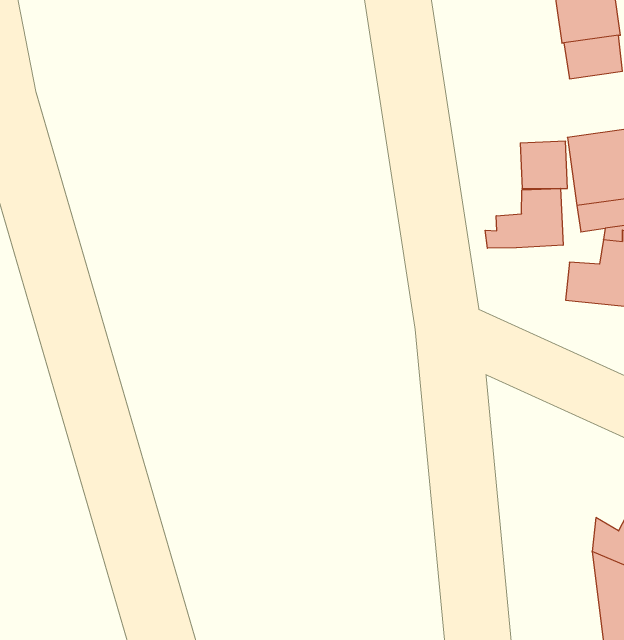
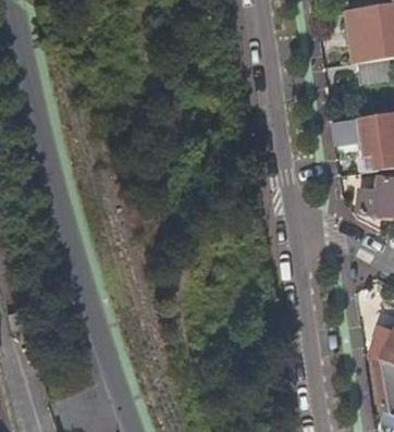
building: [485,188,563,248] -> none

